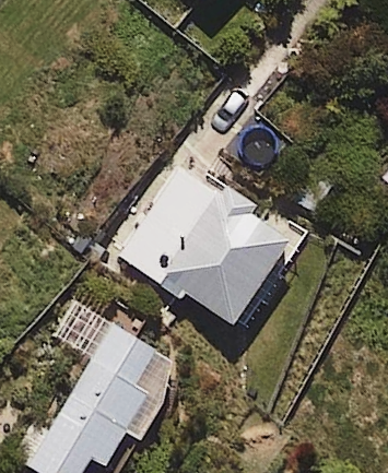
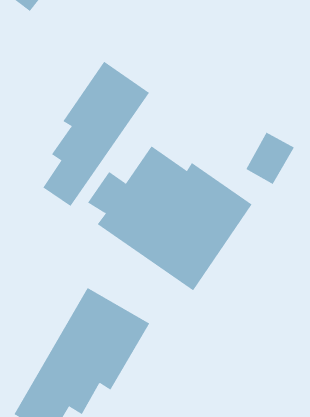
building: none -> [42,61,150,207]

